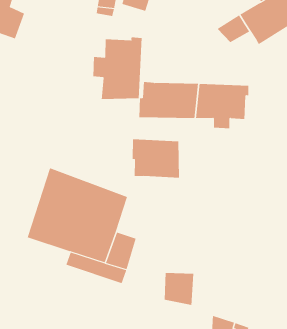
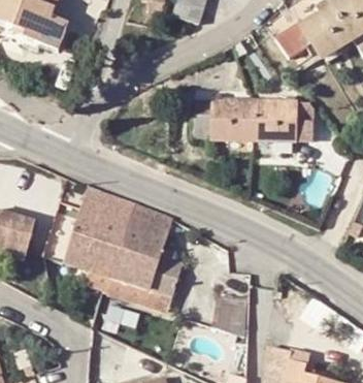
building: [93,36,142,100] -> none
building: [132,138,180,178] -> none

